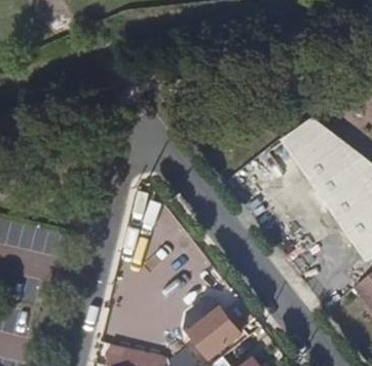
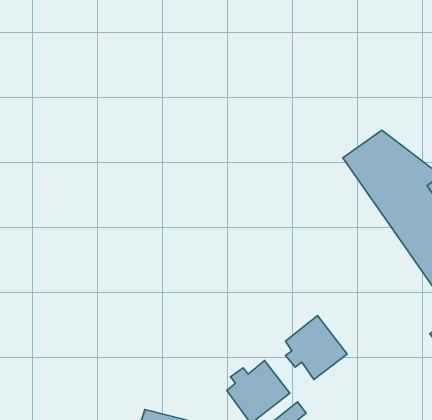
building: none -> [285,315,347,380]

